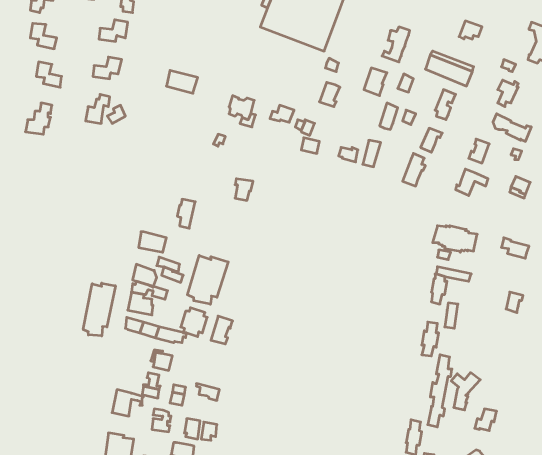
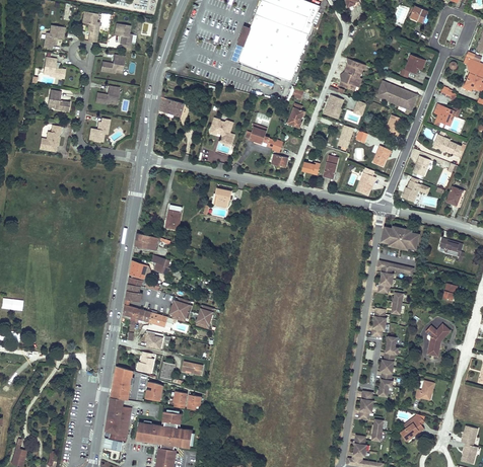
building: [187,255,228,304] -> none
building: [83,283,115,336] -> none
building: [451,373,480,410] -> [426,325,451,357]

